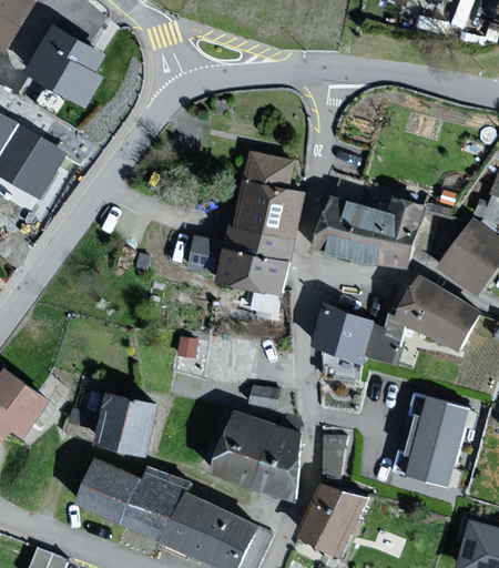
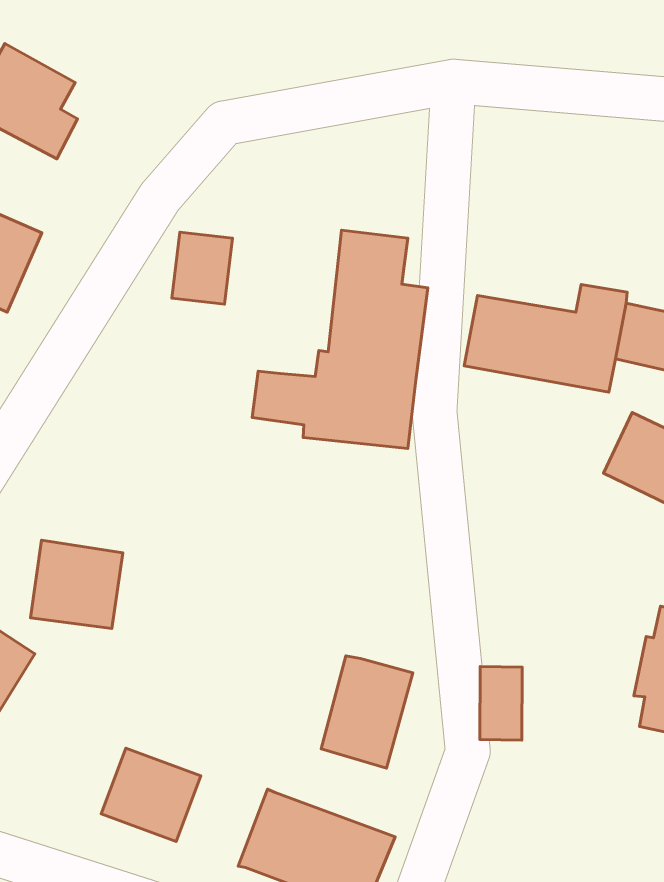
building: none -> [172,232,233,304]
building: [312,307,395,364] -> none
building: [96,396,155,453] -> [31,540,123,629]
building: [254,429,295,498] -> none
building: [123,470,183,539] -> none
building: [299,488,360,552] -> none

